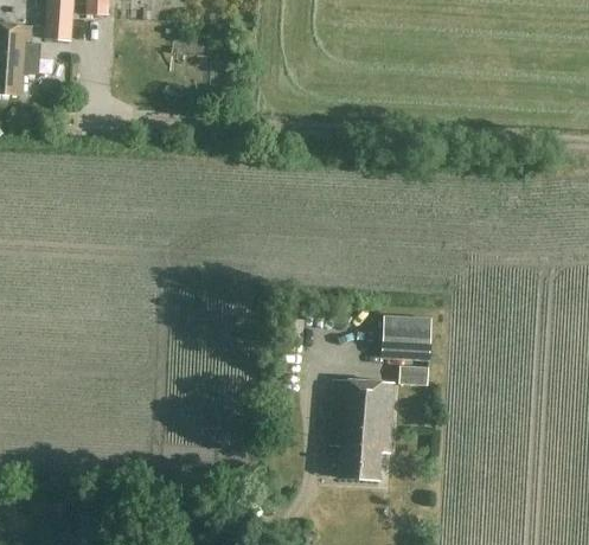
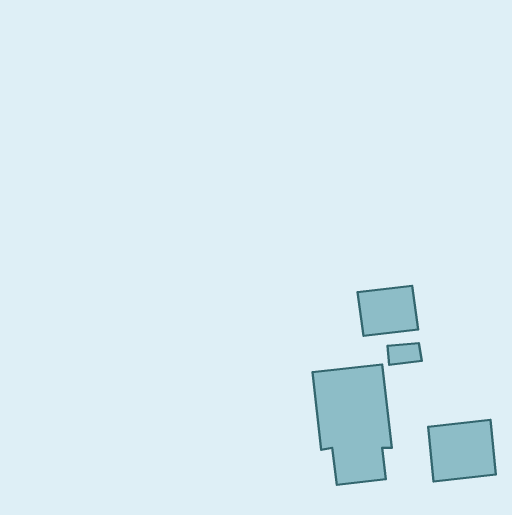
building: none -> [428,420,496,482]

